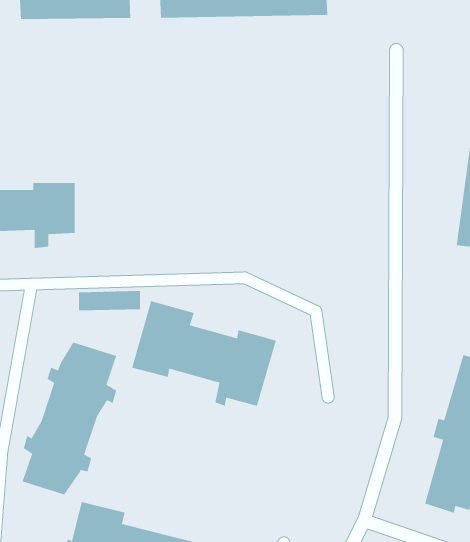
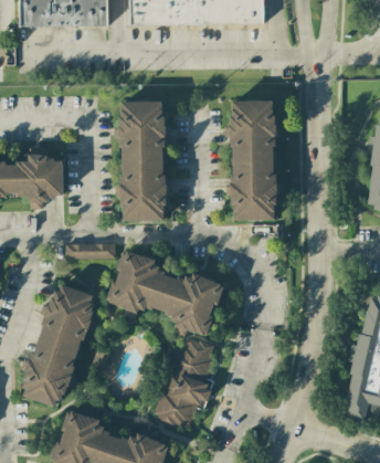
building: none -> [224,99,276,220]
building: none -> [120,101,165,220]
building: none -> [155,337,214,428]

